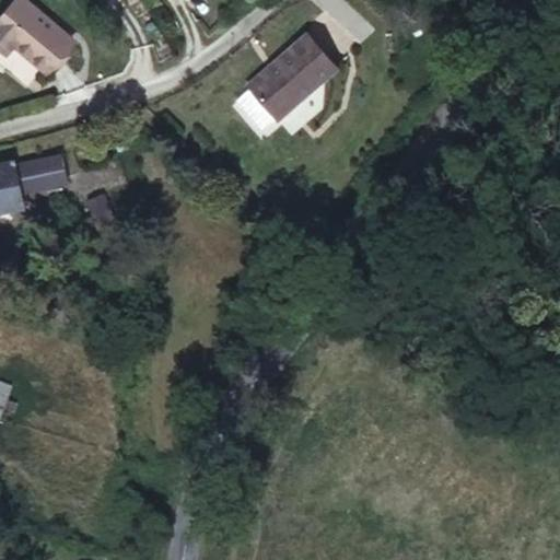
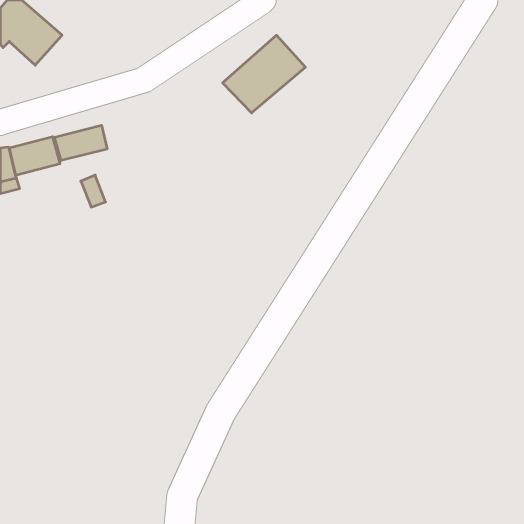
building: none -> [54,125,107,161]

